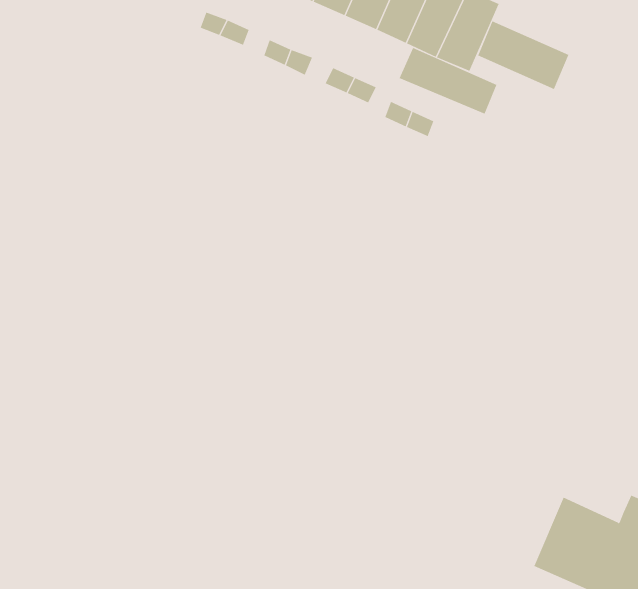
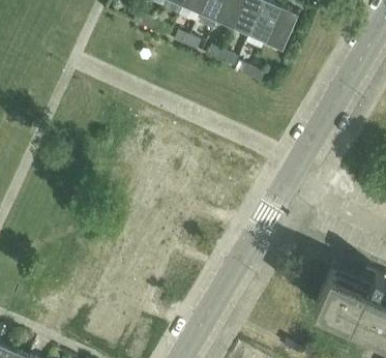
building: [478,21,569,90] -> none
building: [399,47,497,114] -> none

